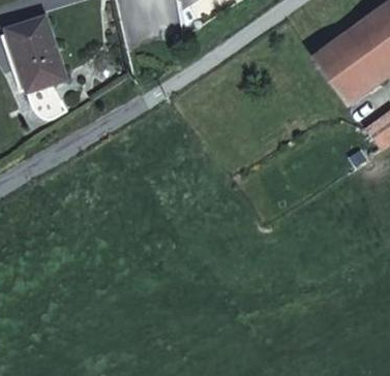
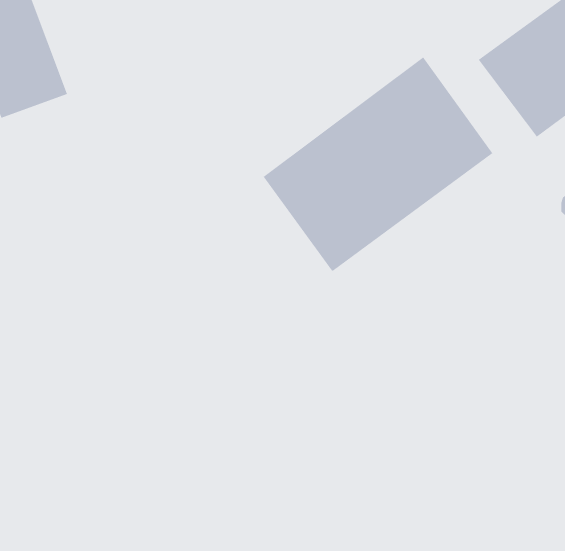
building: none -> [263,57,493,271]

